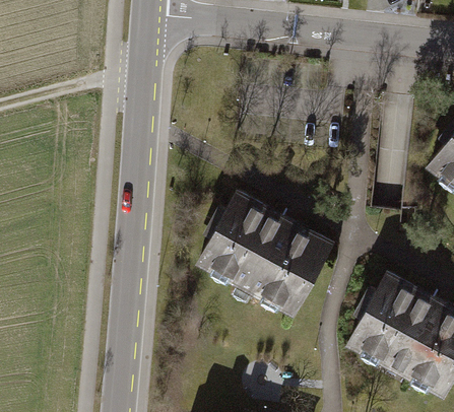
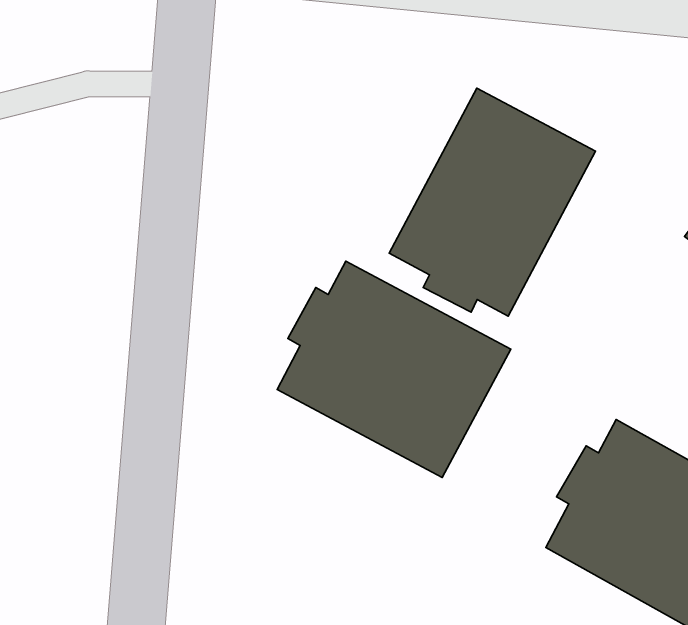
building: none -> [389,88,596,316]

